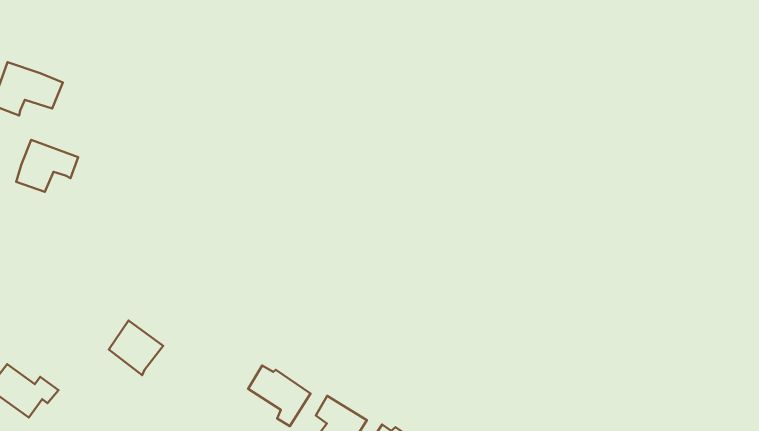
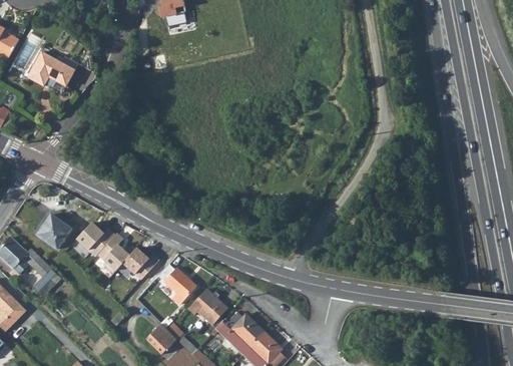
building: [16,140,78,192] -> none
building: none -> [36,213,71,248]
building: none -> [95,234,145,272]

